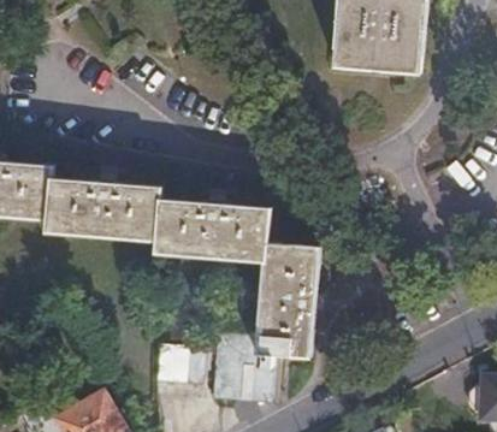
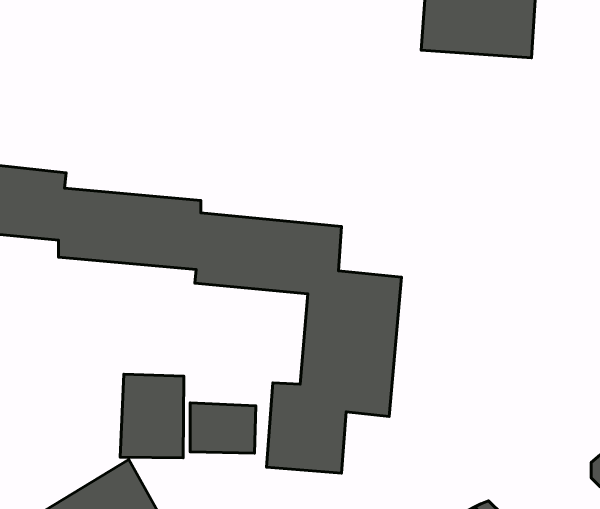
building: none -> [120,374,184,458]

